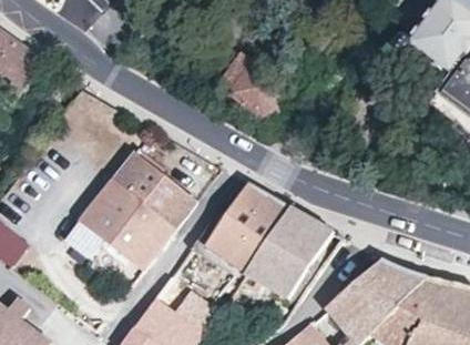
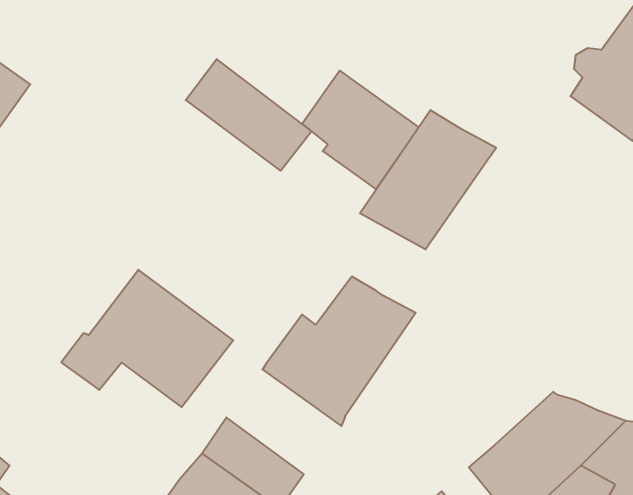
building: [114,153,195,225] -> [186,59,311,171]
building: [247,207,335,297] -> [360,110,496,249]

